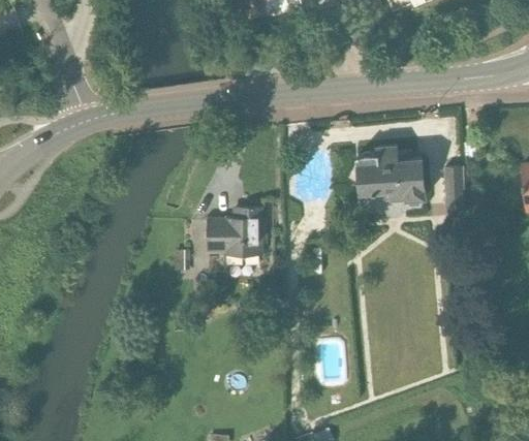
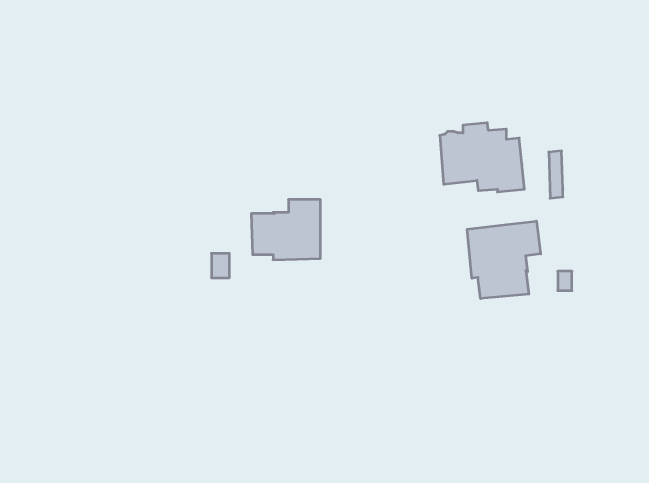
building: none -> [467,221,541,299]

